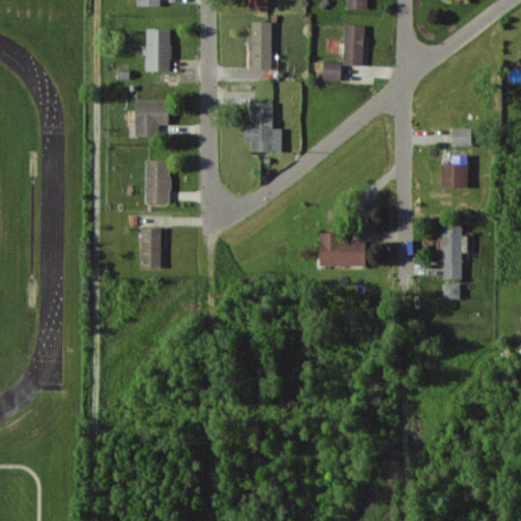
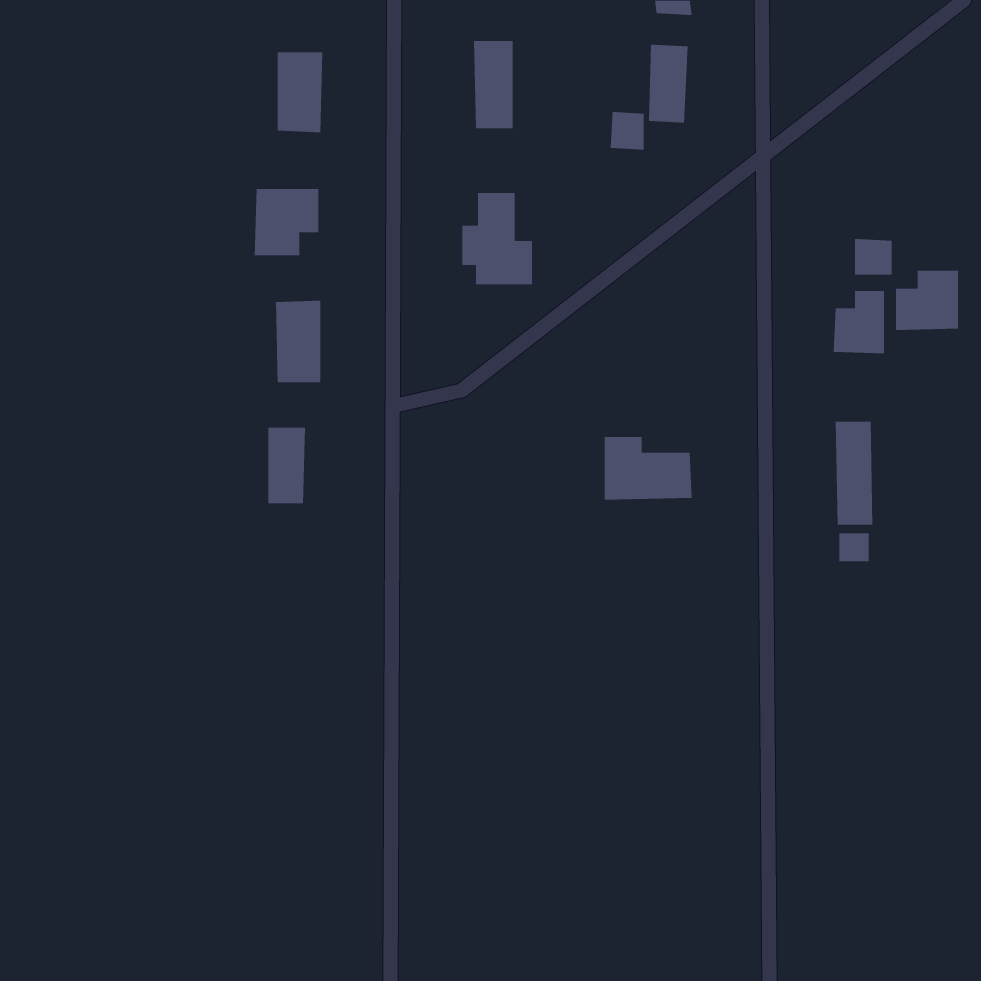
building: none -> [896,270,958,331]

